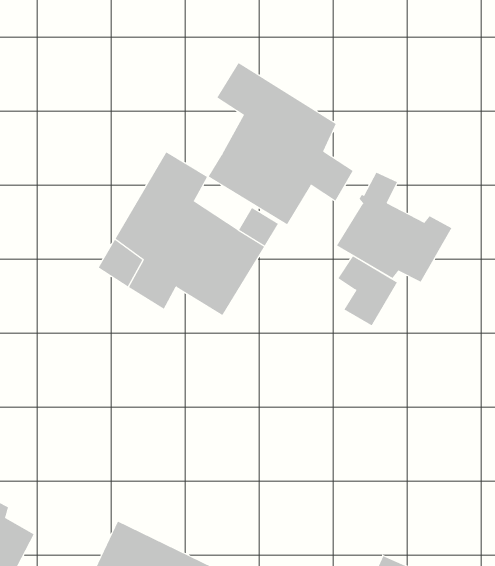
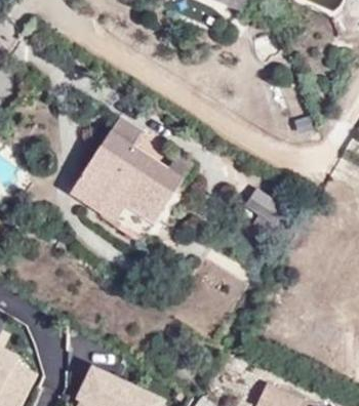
building: [208,62,354,225] -> none
building: [336,172,452,283] -> none

